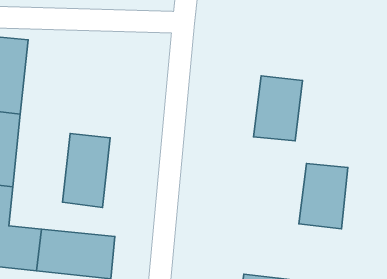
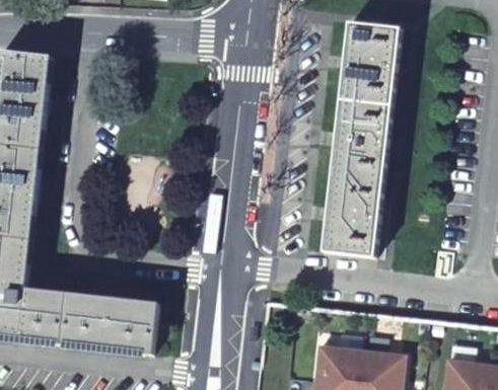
building: none -> [340,21,401,103]
building: [63,133,110,208] -> none
building: [299,164,348,229] -> [322,173,382,254]

